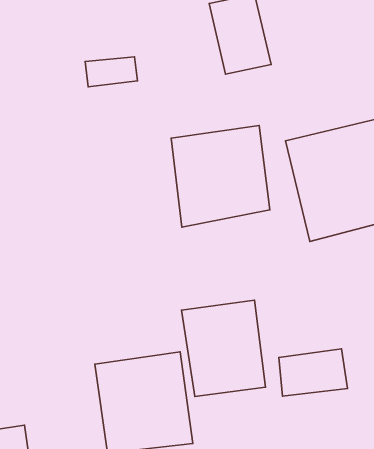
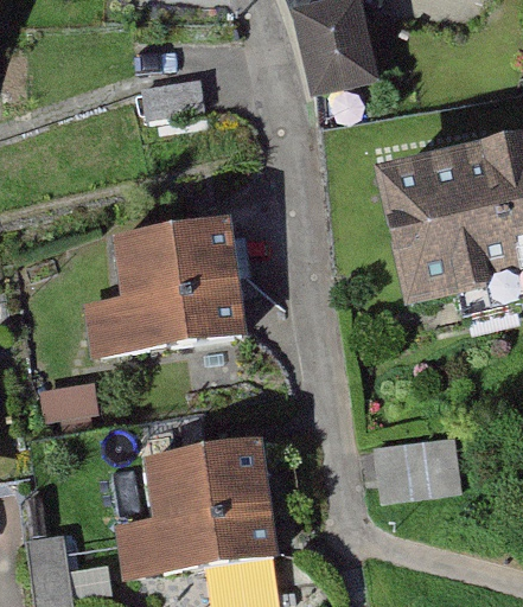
building: [171,126,270,227] -> [122,222,243,346]
building: [182,300,266,396] -> none

